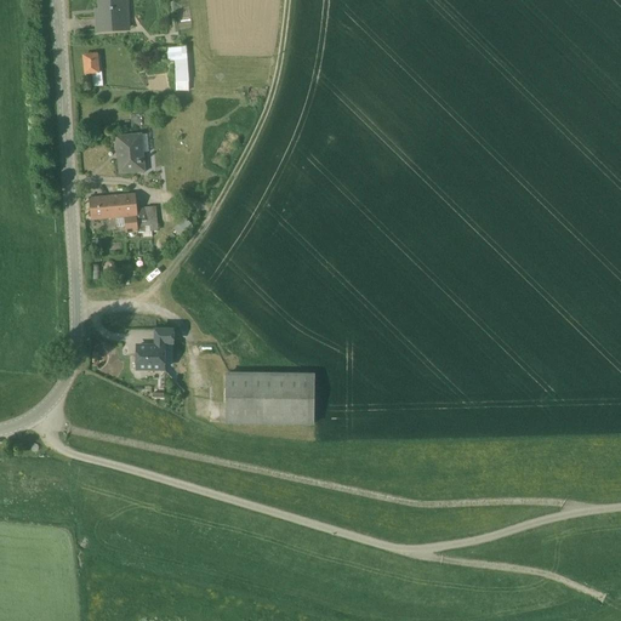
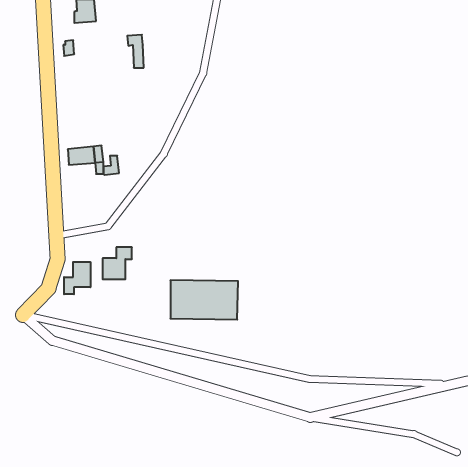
building: [116,133,146,172] -> none
building: none -> [64,262,90,294]

